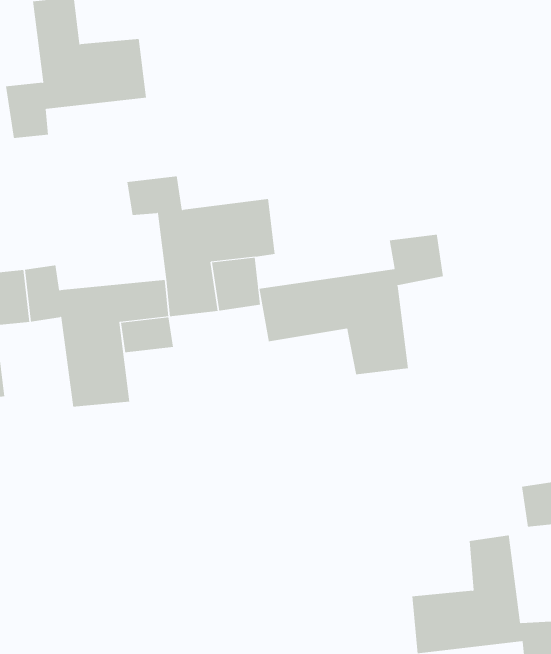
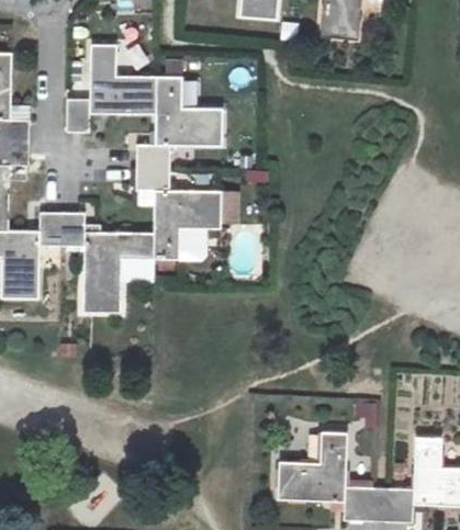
building: none -> [135,79,226,170]
building: [259,234,444,375] -> none

